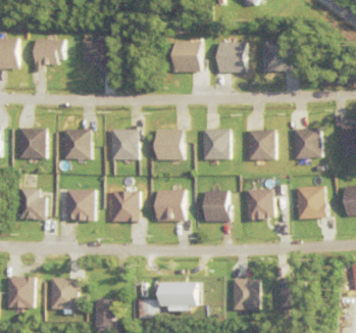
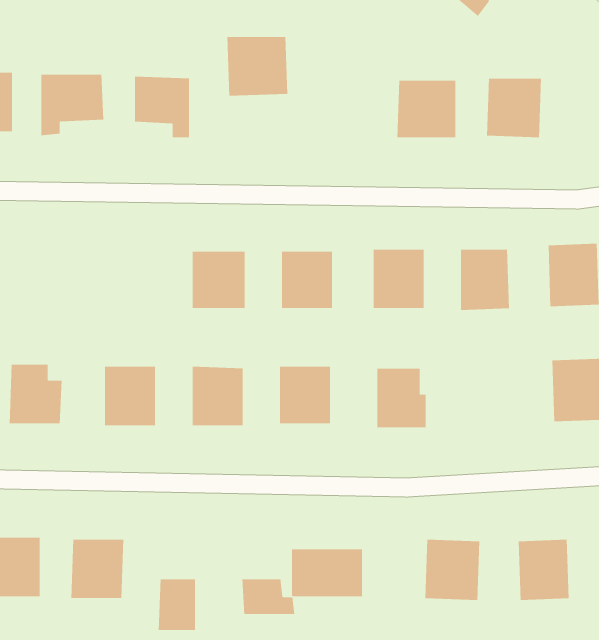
building: [169,42,201,73] -> [226,36,288,96]
building: [17,128,45,158] -> none
building: [62,128,90,158] -> none
building: [245,189,273,220] -> none

